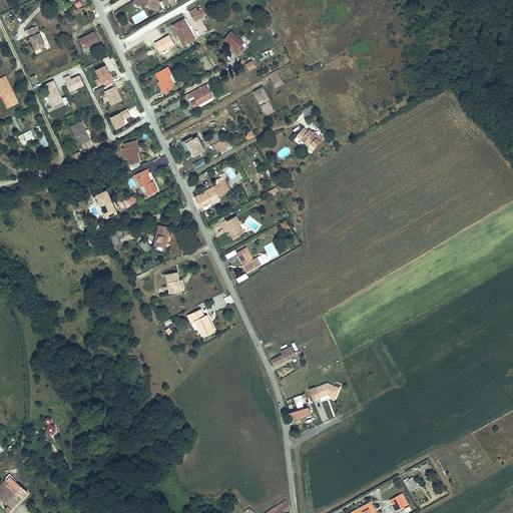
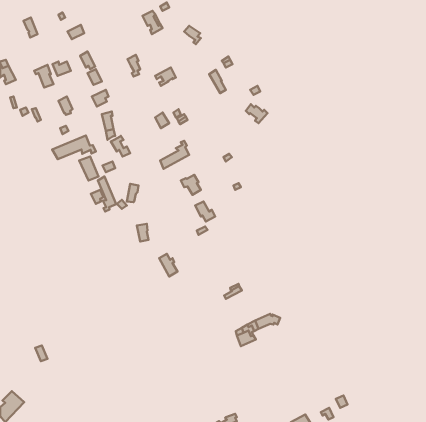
building: none -> [52,135,96,159]
building: none -> [98,177,116,212]

